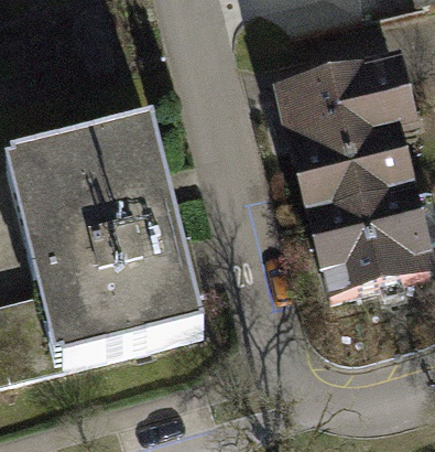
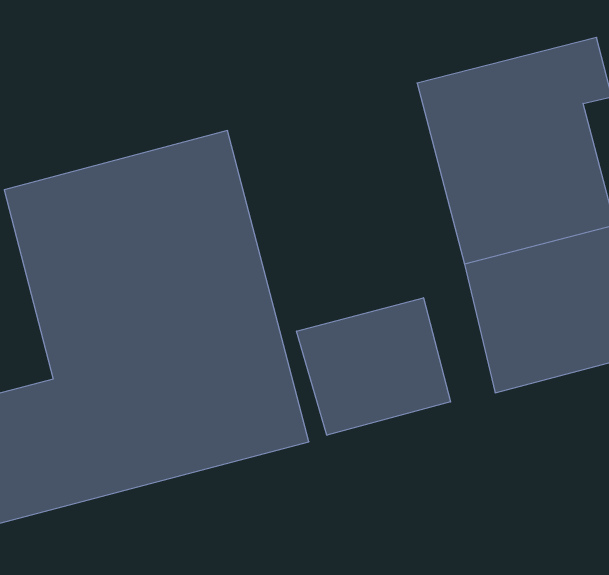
building: none -> [297,298,451,435]

